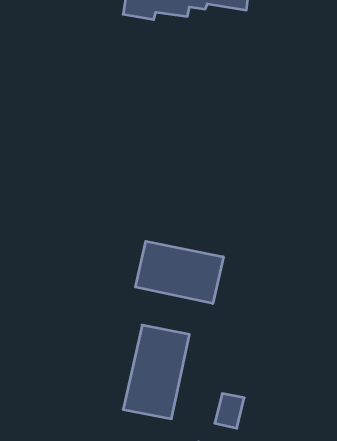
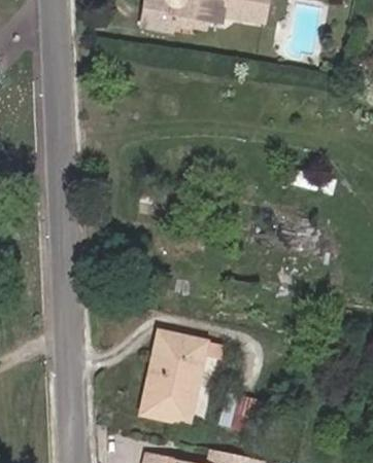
building: [135,241,223,304] -> none

